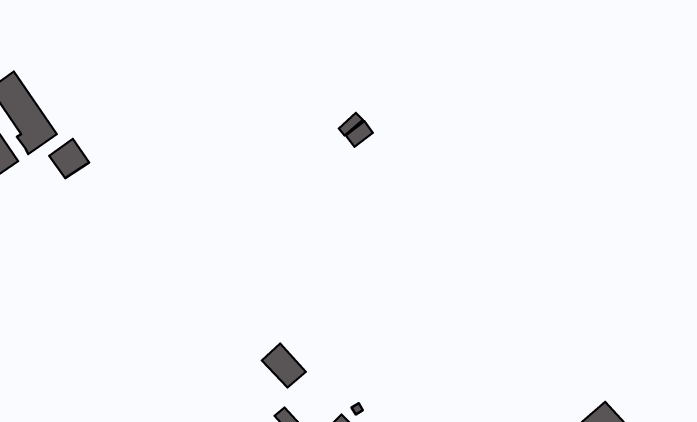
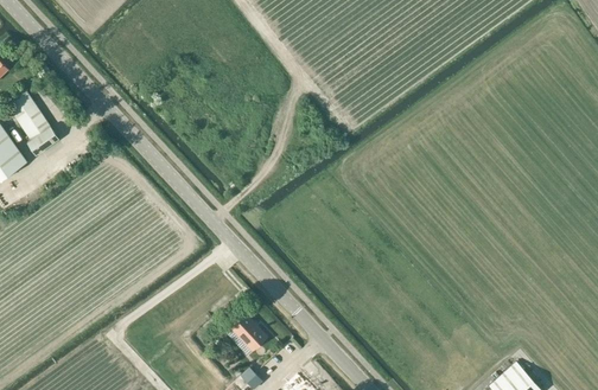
building: [49,139,89,178] -> none

